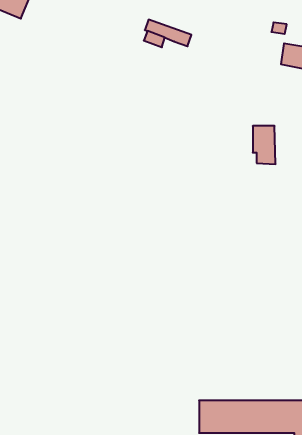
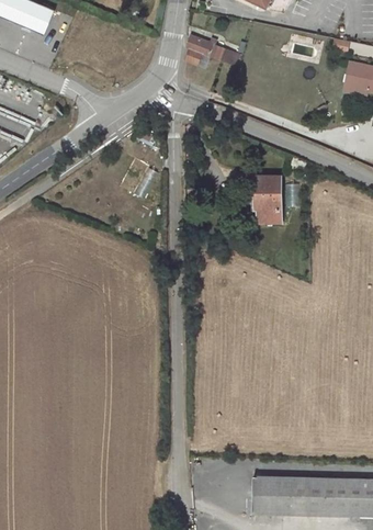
building: [253,126,276,164] -> [255,181,281,225]

